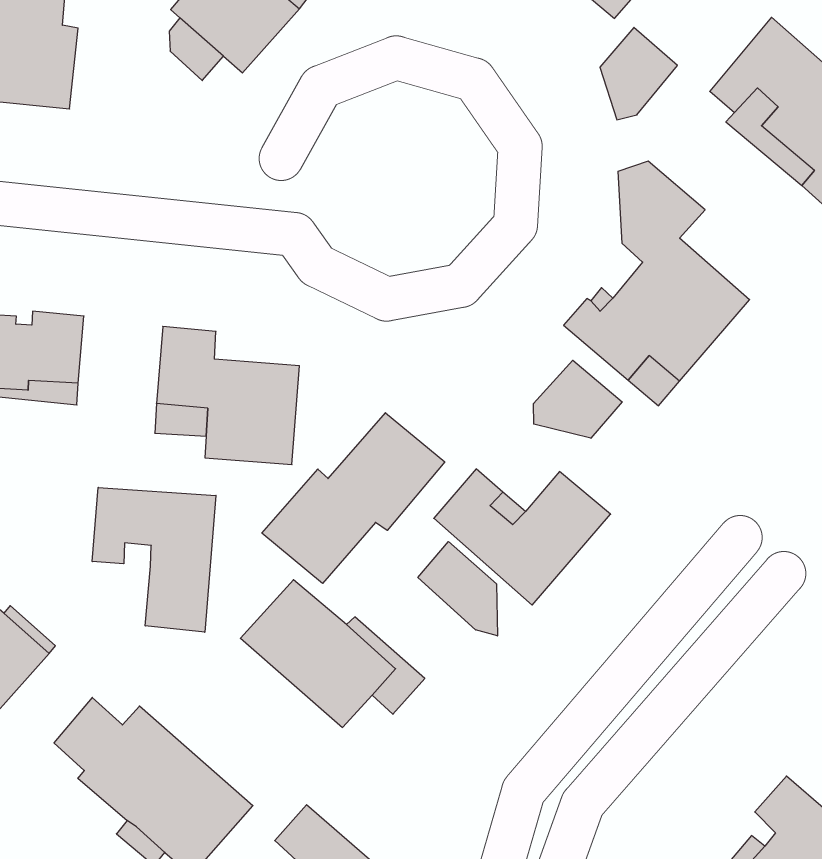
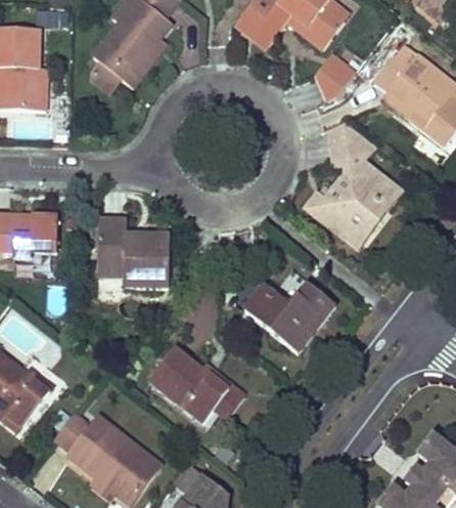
building: [534,360,622,438] -> none
building: [262,413,445,583] -> none
building: [92,487,216,632] -> none
building: [418,542,497,636] -> none

